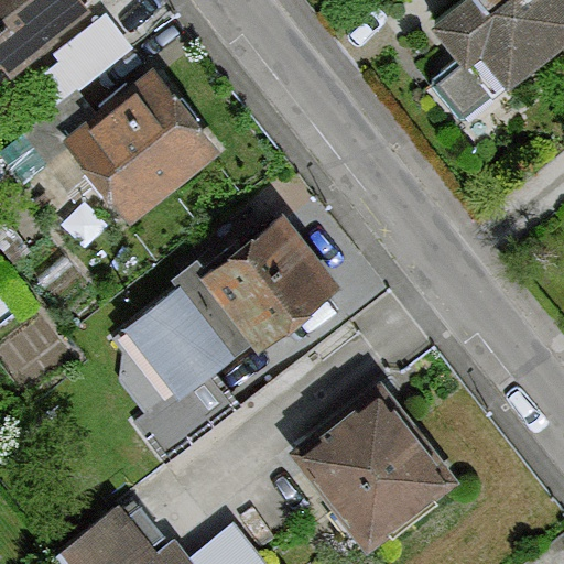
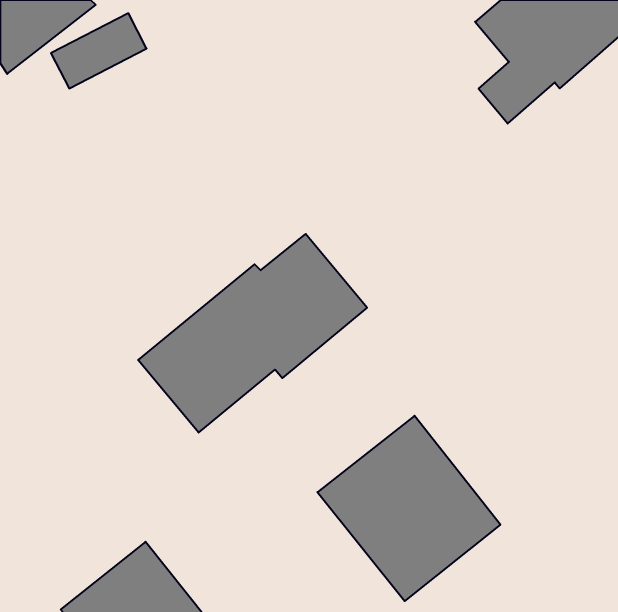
building: [63,72,217,224] -> none

